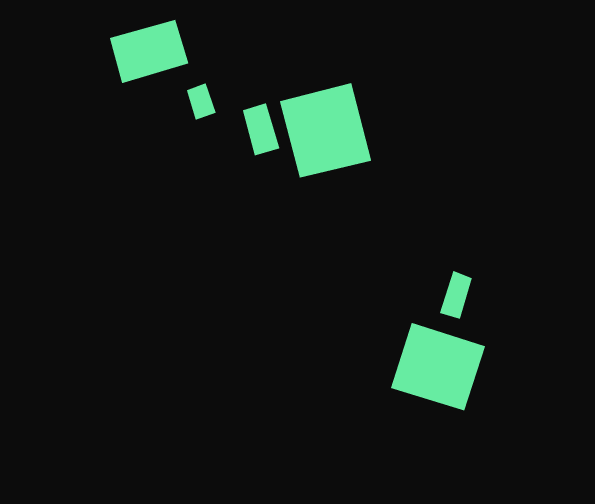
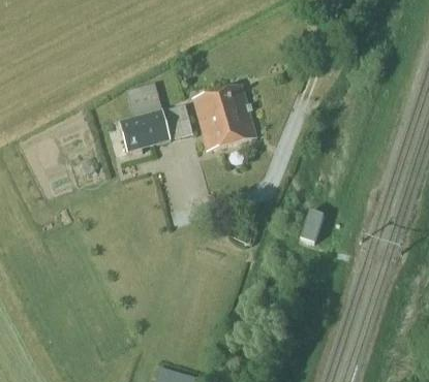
building: [109,19,190,84] -> [118,107,172,151]
building: [390,322,486,411] -> none

